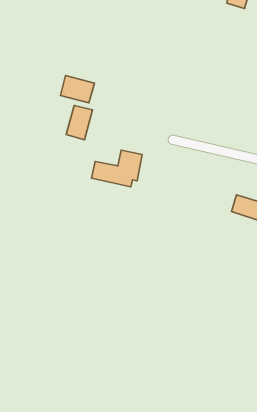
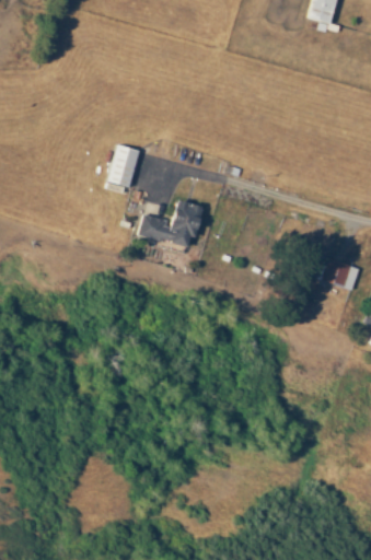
building: [60,76,95,103] -> none

